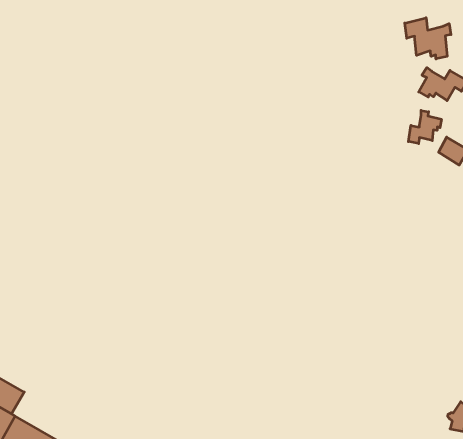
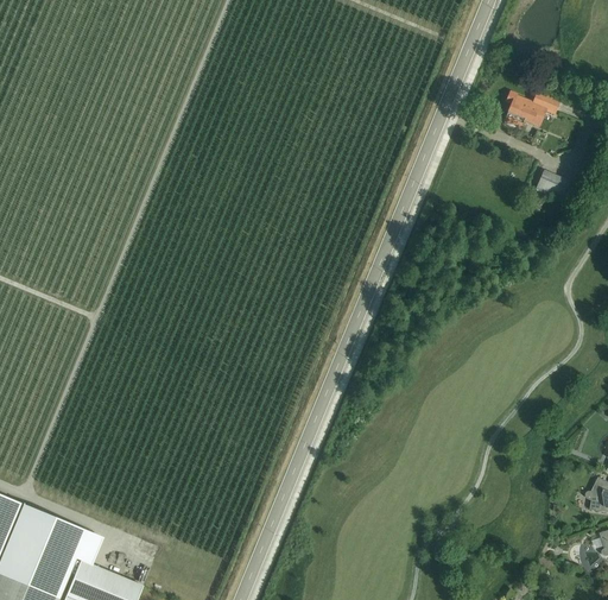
building: [405,18,451,59] -> none
building: [408,110,441,144] -> none

